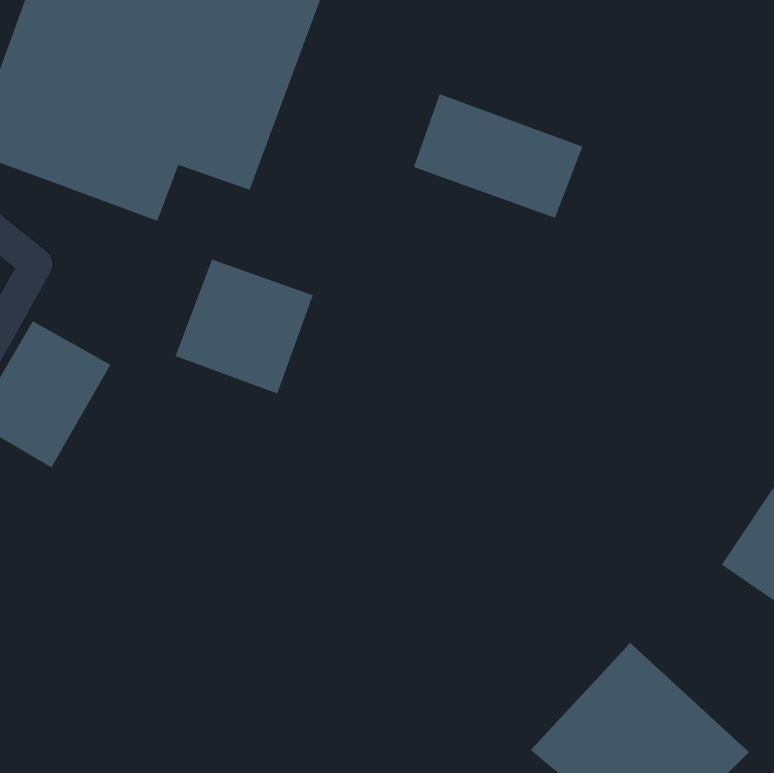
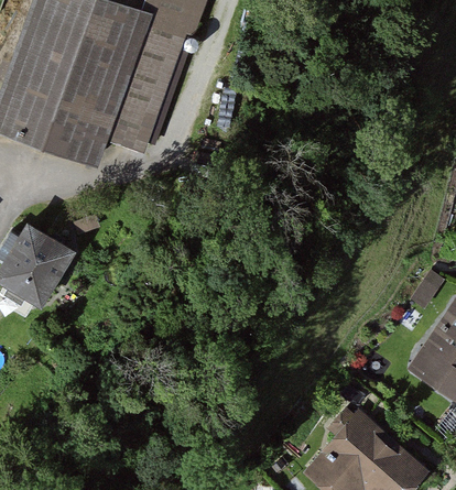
building: [413,93,584,219] -> none
building: [175,258,314,394] -> none

